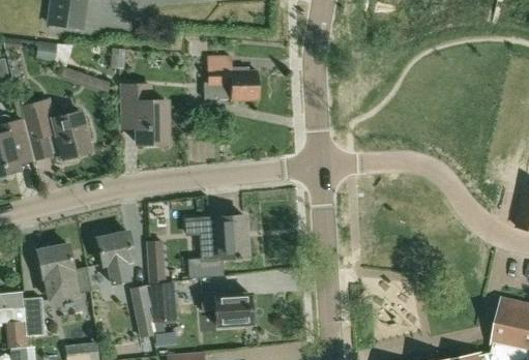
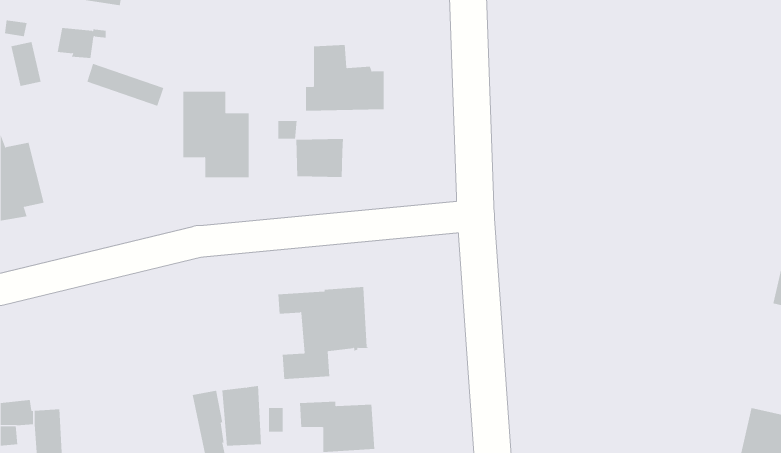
building: [24,101,90,161] -> none
building: none -> [296,138,343,178]
building: [97,231,134,283] -> none
building: [146,241,166,286] -> none
building: [37,244,91,298] -> none

